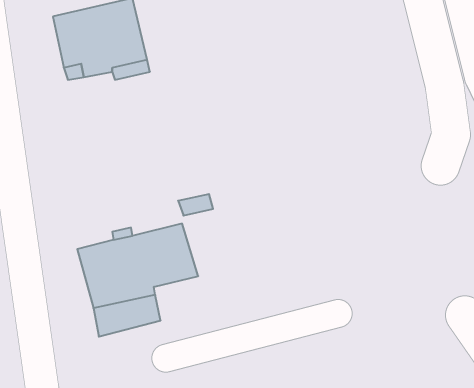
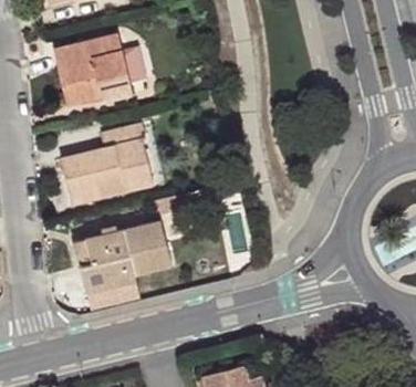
building: none -> [61,125,153,201]

